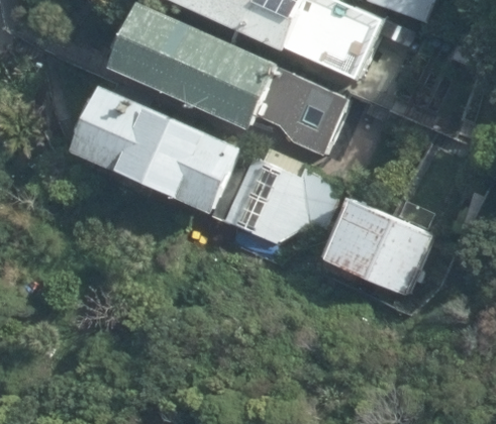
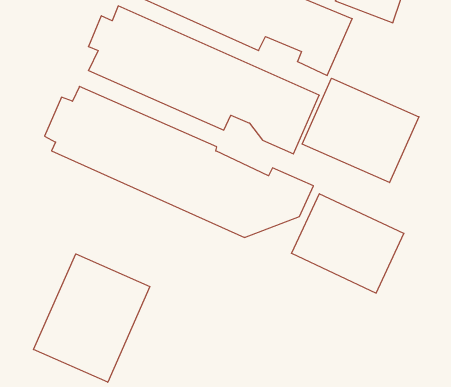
building: none -> [302,78,419,183]
building: none -> [34,254,150,382]

